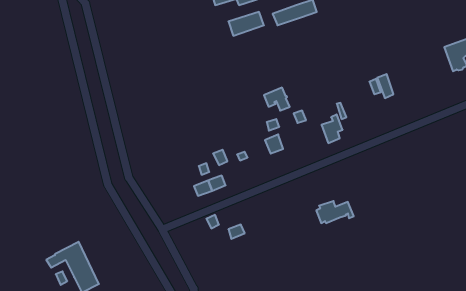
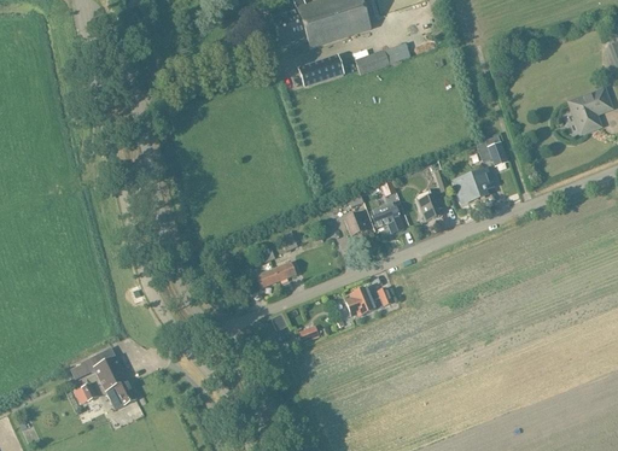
building: [264,88,290,111] -> [369,203,402,232]
building: none -> [453,169,490,198]
building: [316,201,354,223] -> [344,288,391,316]

